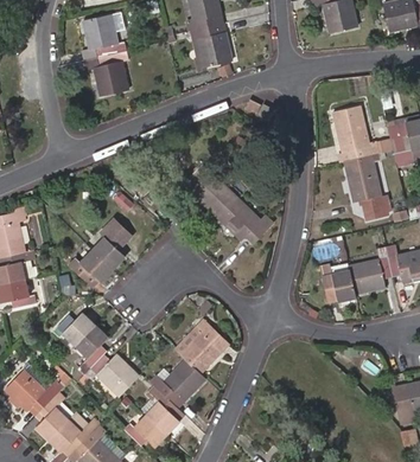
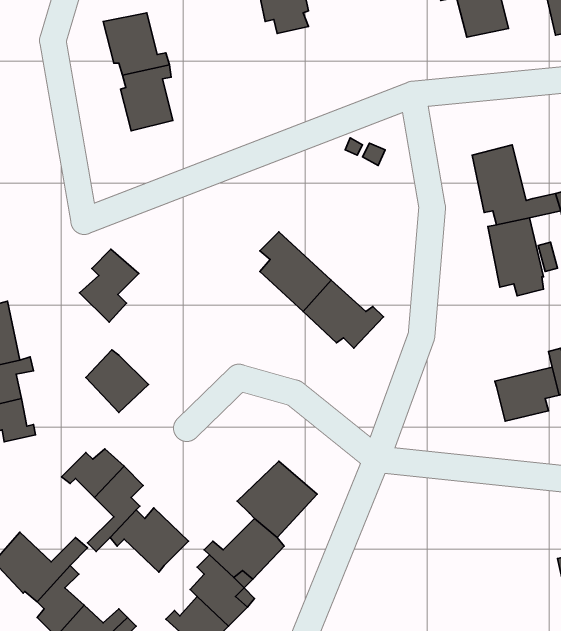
building: [190,25,231,68] -> none
building: [91,219,132,269] -> [80,249,139,322]
building: [323,269,355,302] -> none

